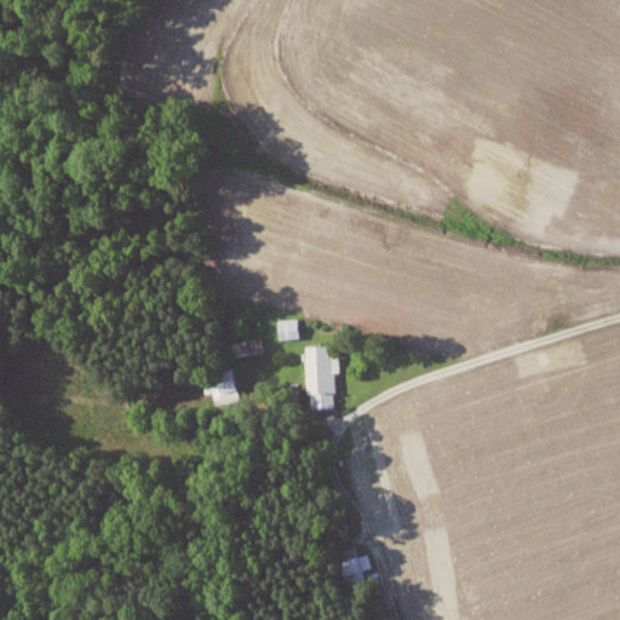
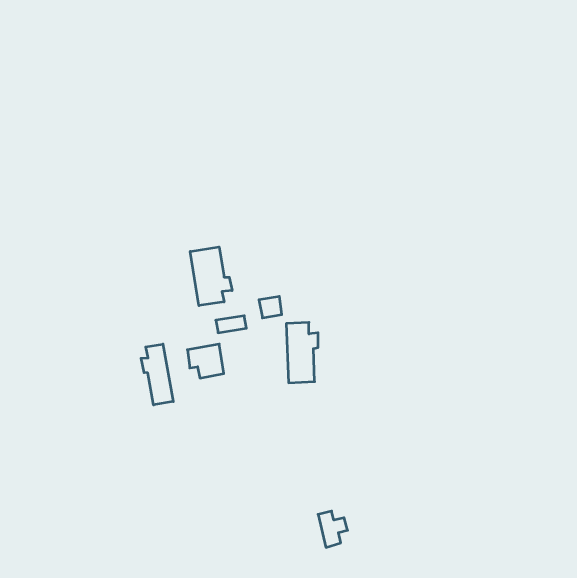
building: none -> [190,247,232,306]
building: none -> [141,344,173,405]

